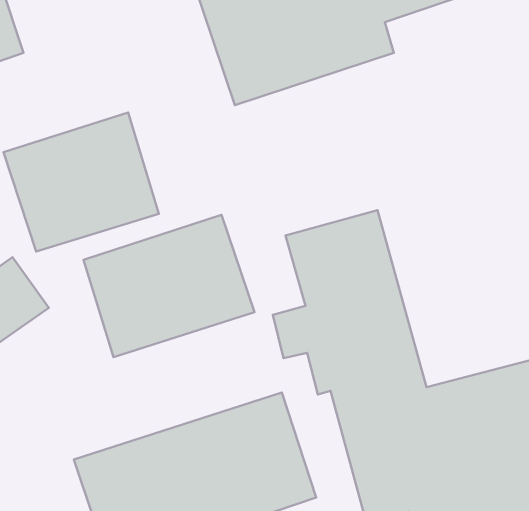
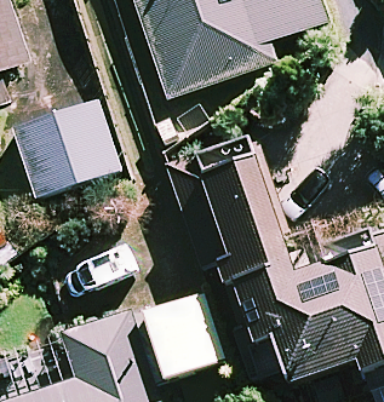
building: [83,215,254,357] -> none

